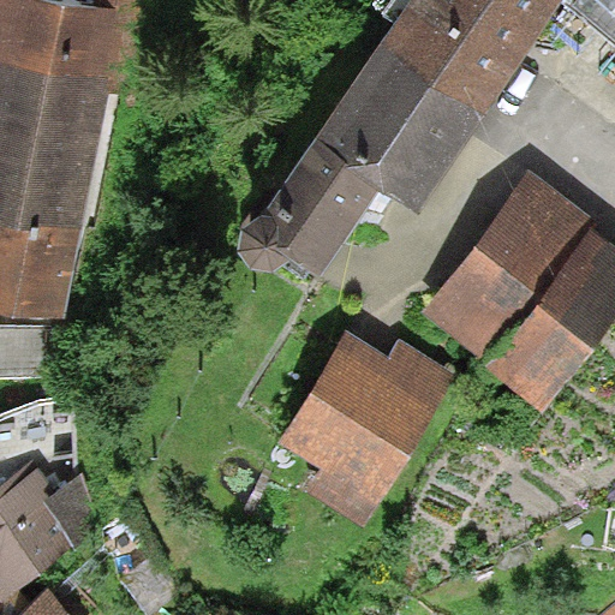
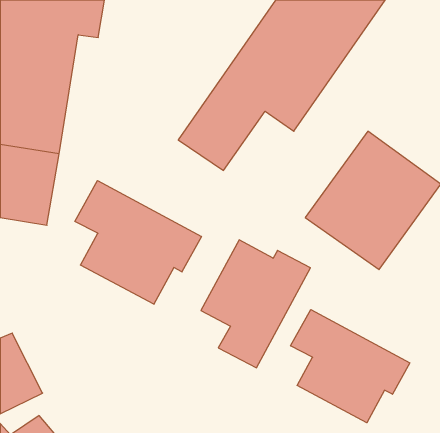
building: none -> [75,181,201,304]
building: none -> [291,310,410,423]

